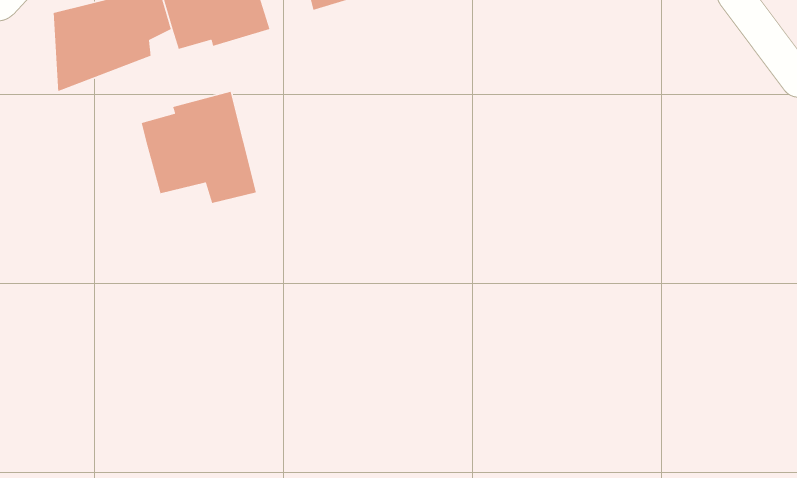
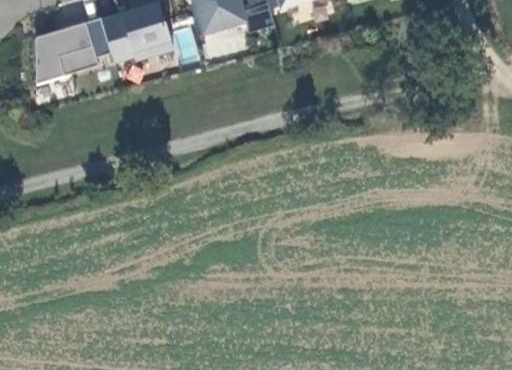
building: [141,91,257,204] -> none

